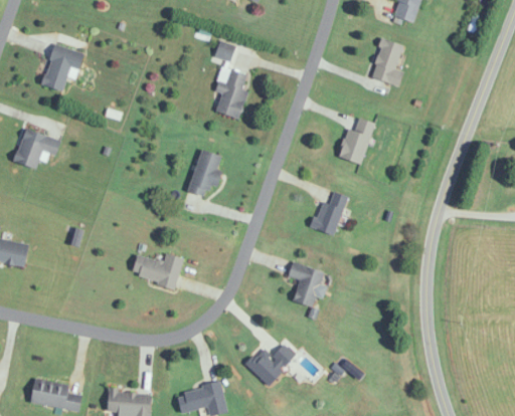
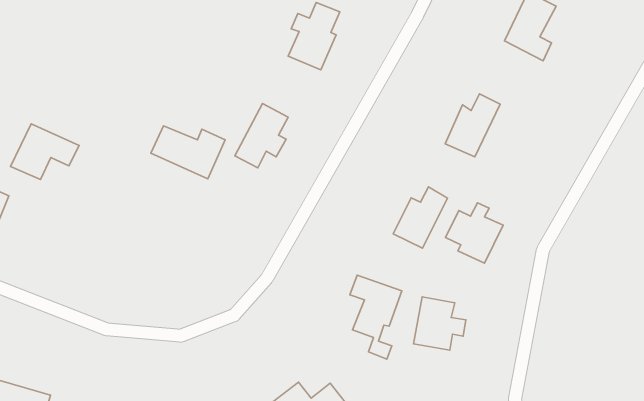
building: [14,129,61,168] -> [10,124,79,179]
building: none -> [445,203,503,263]
building: [131,253,183,288] -> [151,126,225,179]
building: none -> [414,297,466,350]

